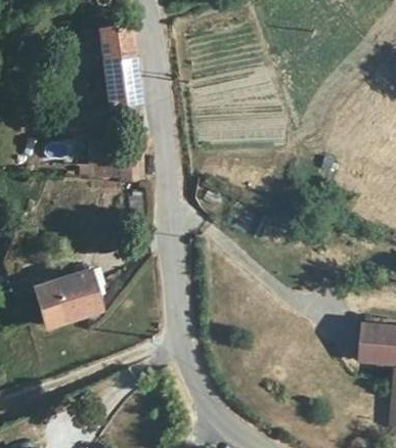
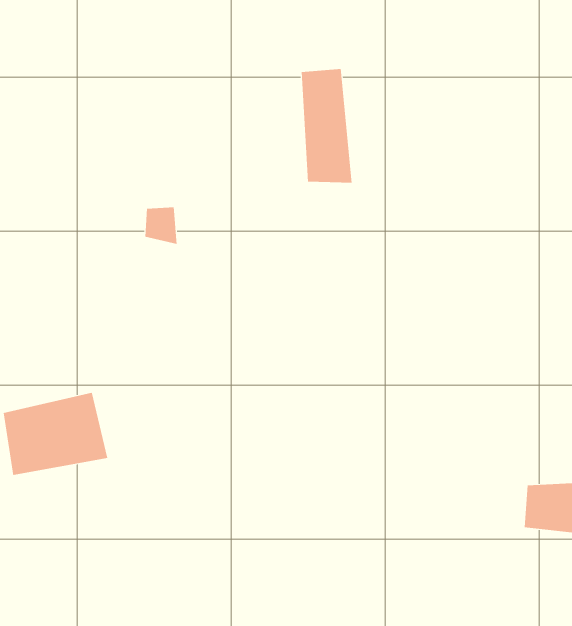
building: [106,27,140,101] -> [301,69,353,183]

